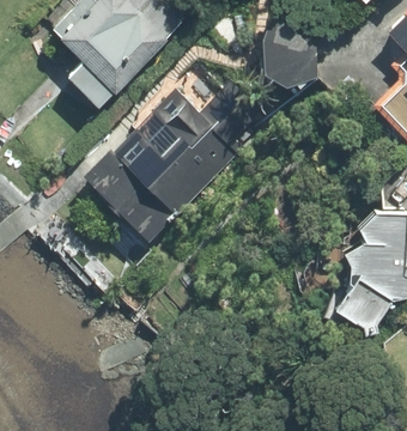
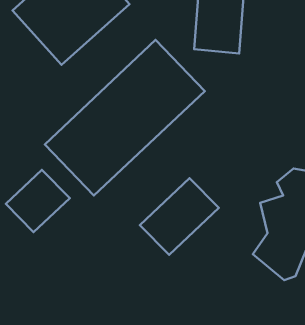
building: none -> [6,170,70,232]
building: none -> [140,178,219,255]

